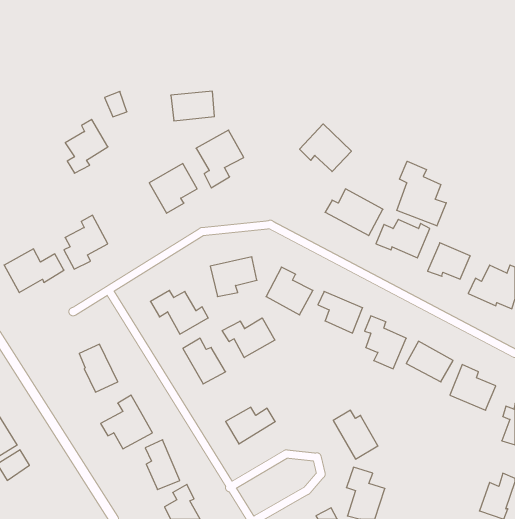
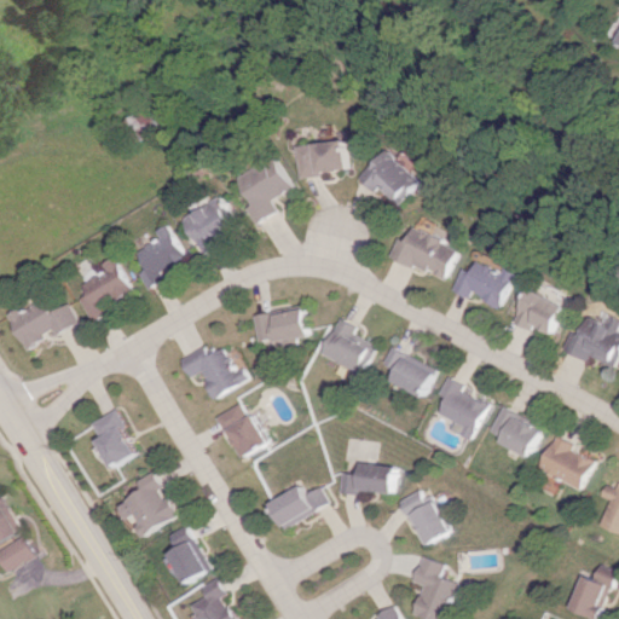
building: [171,91,214,121] -> [293,140,345,175]
building: [65,119,108,173] -> [132,224,183,288]
building: [397,161,446,226] -> none
building: [222,318,275,358] -> none
building: none -> [337,462,393,494]

